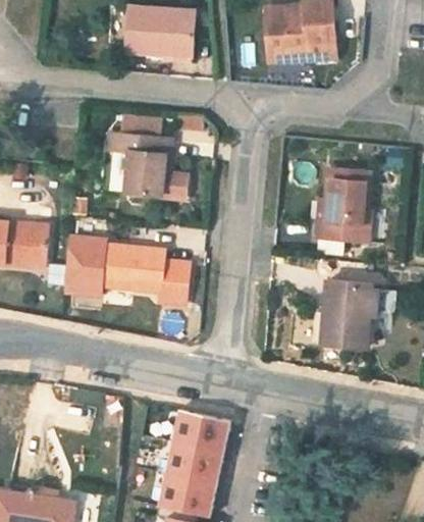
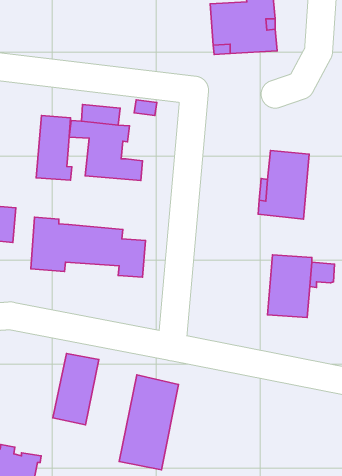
building: [128,9,196,62] -> none
building: none -> [36,115,72,180]
building: none -> [53,354,99,425]

